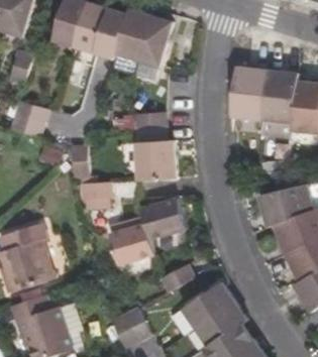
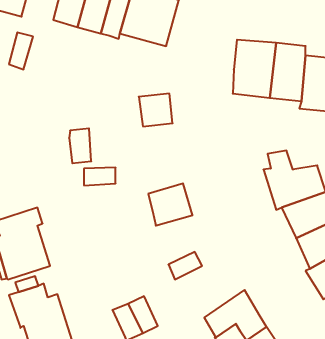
building: [11,105,51,141] -> none
building: [138,142,176,183] -> none
building: [111,226,155,265] -> none
building: [184,282,235,328] -> none

